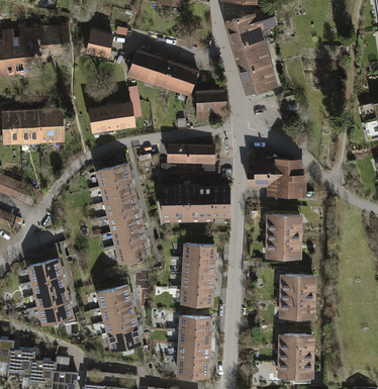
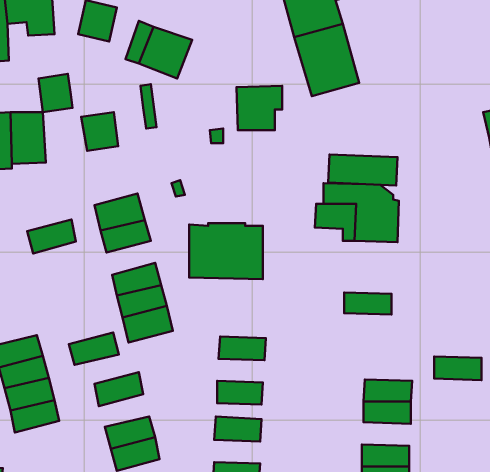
building: [154,57,198,96] -> none
building: [110,103,133,129] -> [38,74,72,112]
building: [167,141,214,163] -> [328,154,398,185]
building: [212,184,228,217] -> none
building: [105,194,138,217] -> [27,220,76,253]
building: [268,214,301,230] -> none
building: [183,244,214,261] -> none
building: [267,244,300,260] -> none
building: [282,274,314,290] -> [434,356,481,380]
building: [181,275,213,291] -> none
building: [100,299,134,321] -> [69,332,119,365]
building: [179,330,210,347] -> none

